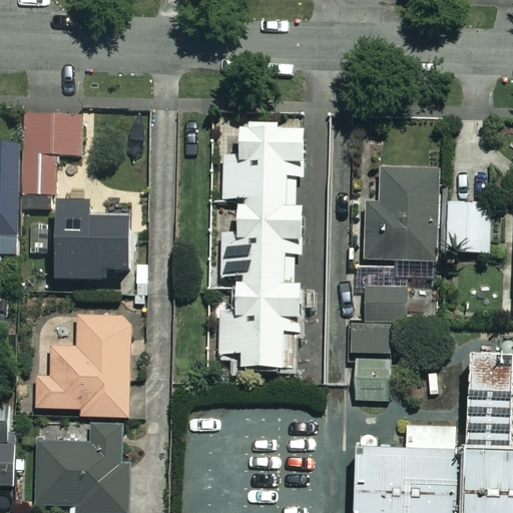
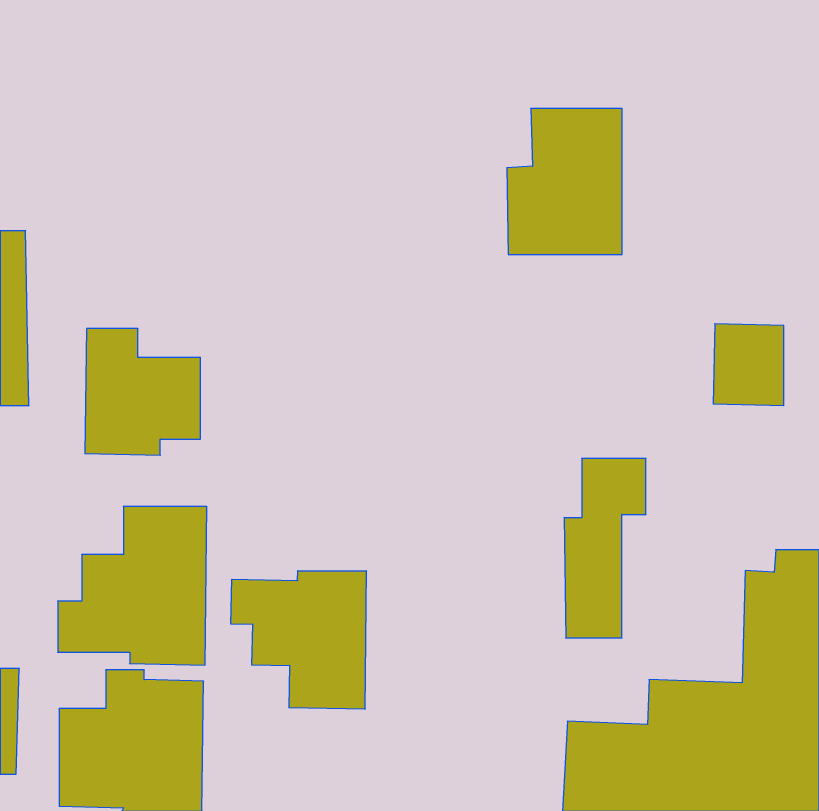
building: [21,113,83,193] -> none
building: [219,122,304,371] -> none
building: [363,171,435,263] -> [507,109,622,254]
building: none -> [231,571,366,709]

